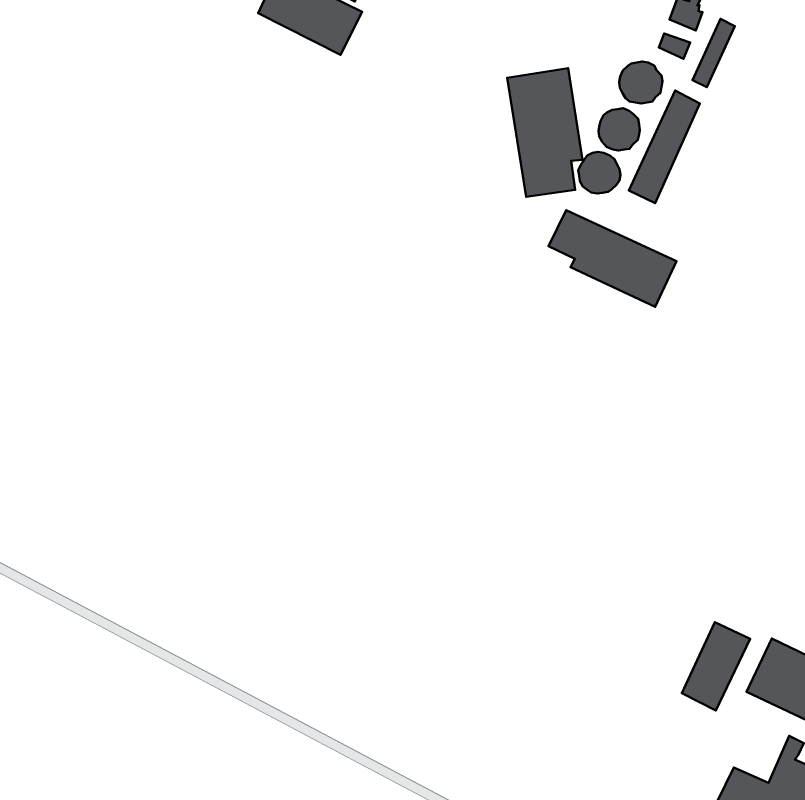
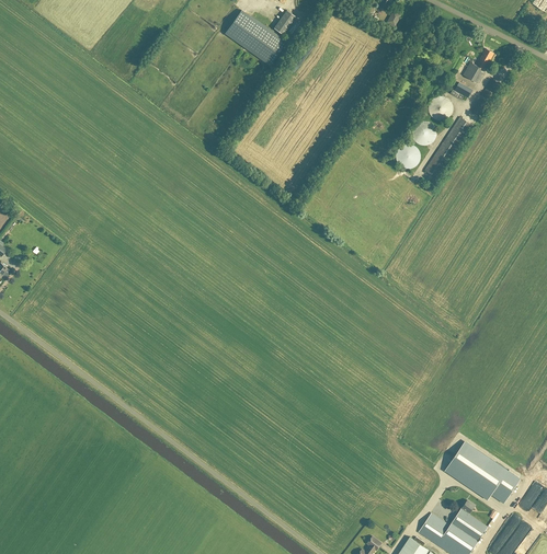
building: [507,68,582,197] -> none
building: [549,210,676,307] -> none
building: [682,622,750,711] -> none

